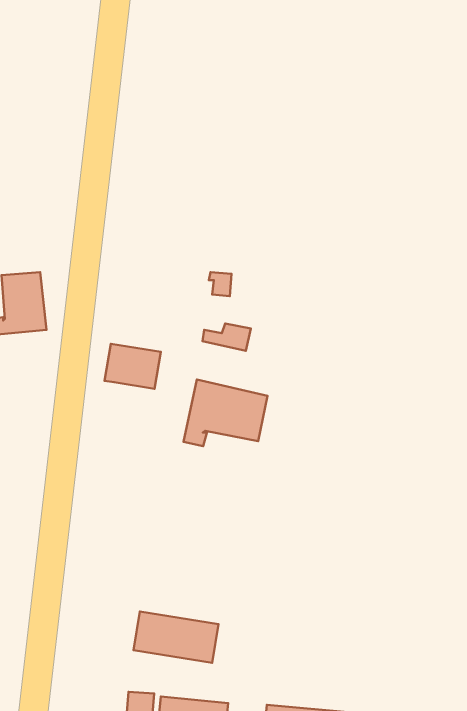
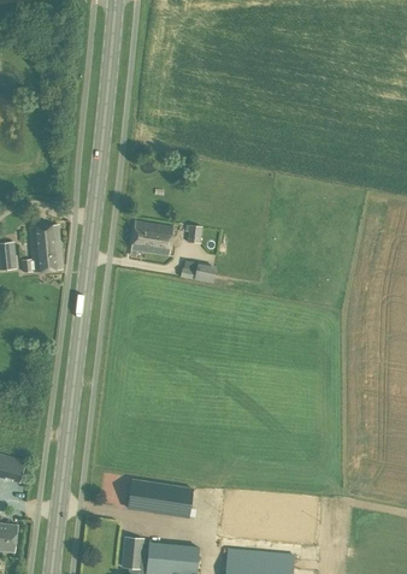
building: [105,344,161,389] -> [130,220,172,254]
building: [184,379,267,446] -> none

